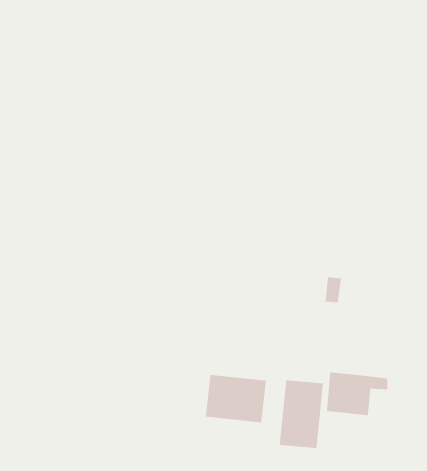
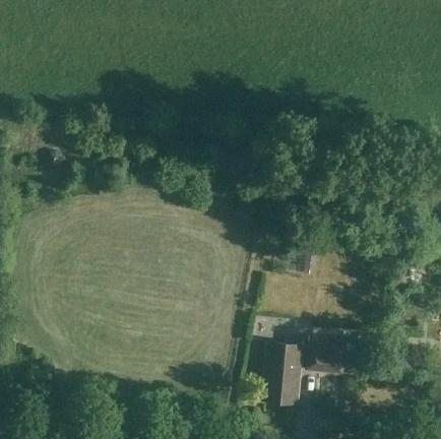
building: [205,374,267,423] -> none

